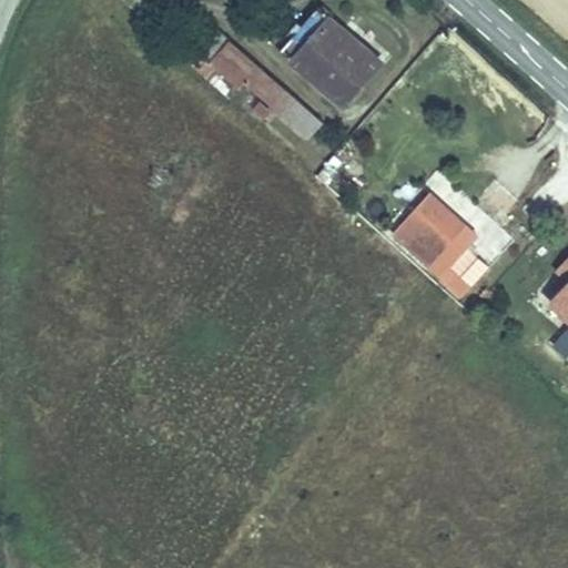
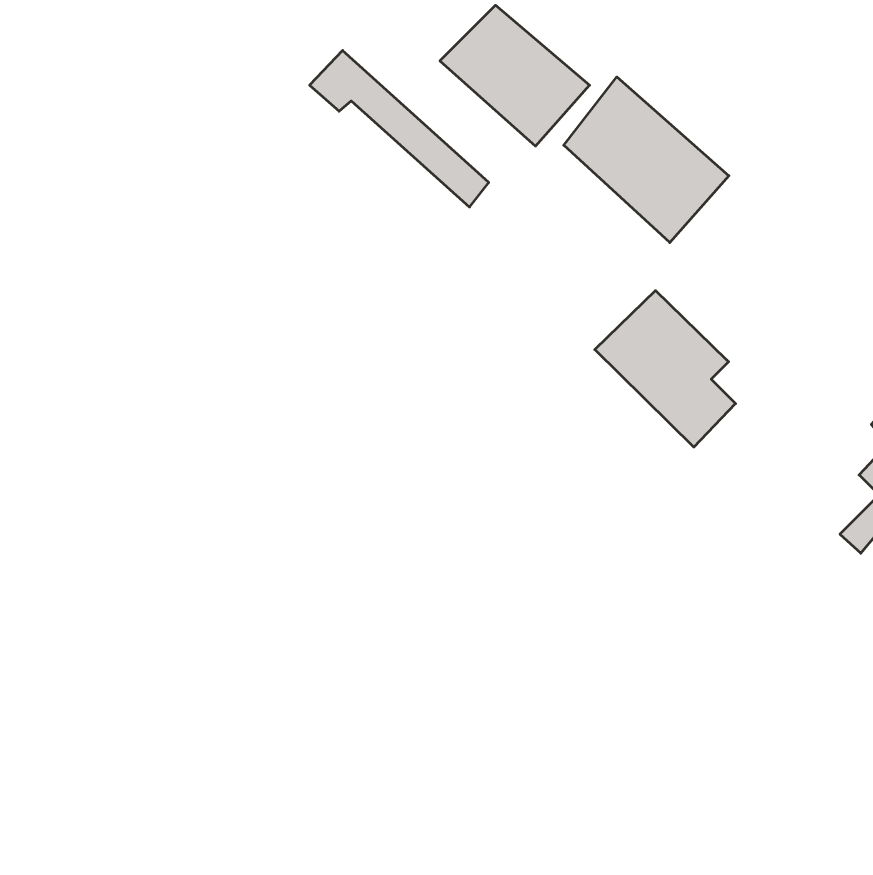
building: none -> [564,77,729,243]

